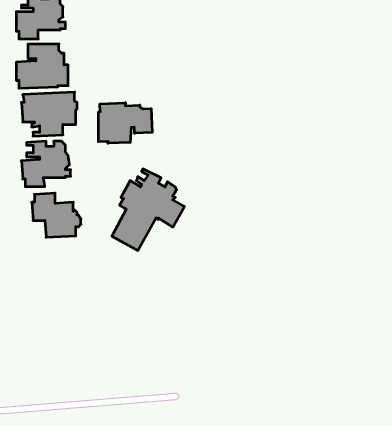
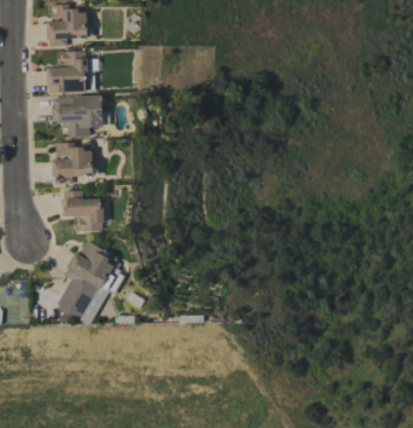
building: [98,103,152,143] -> none
building: [112,169,184,250] -> [57,242,124,318]

